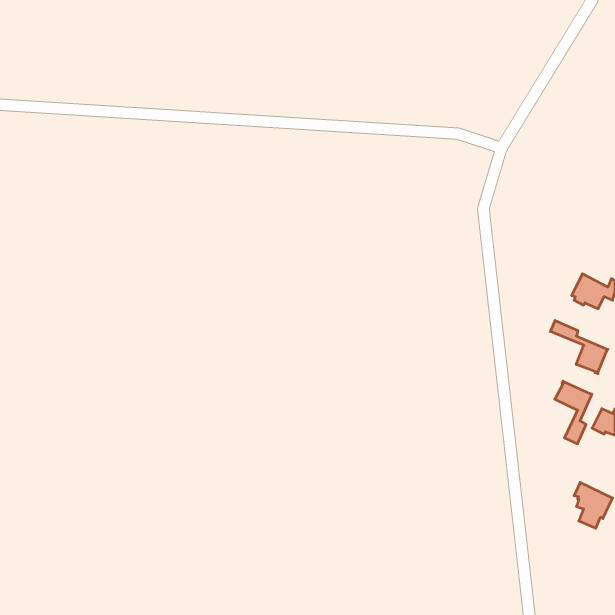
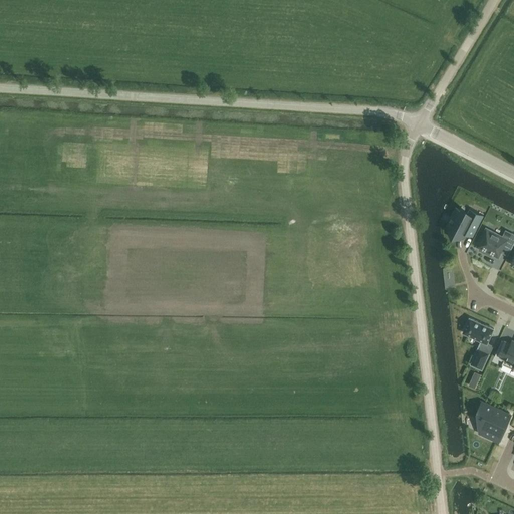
building: none -> [447,209,483,238]
building: [550,320,608,374] -> none

